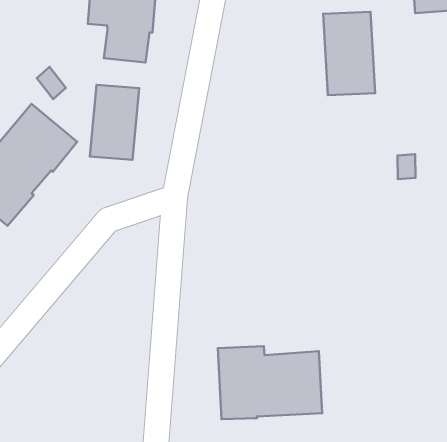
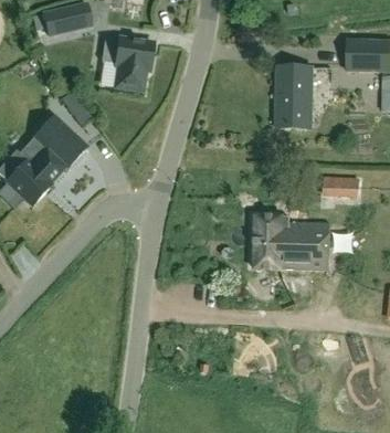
building: [90,85,139,160] -> none
building: [218,346,322,419] -> [255,215,331,270]

